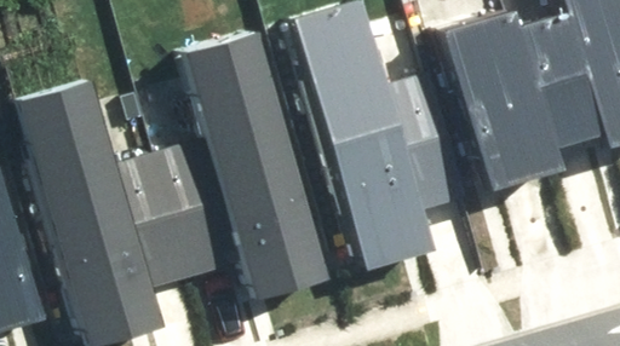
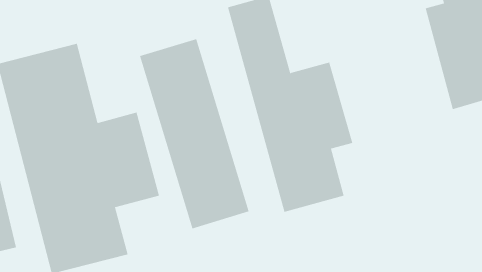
building: [449,15,574,183] -> none

